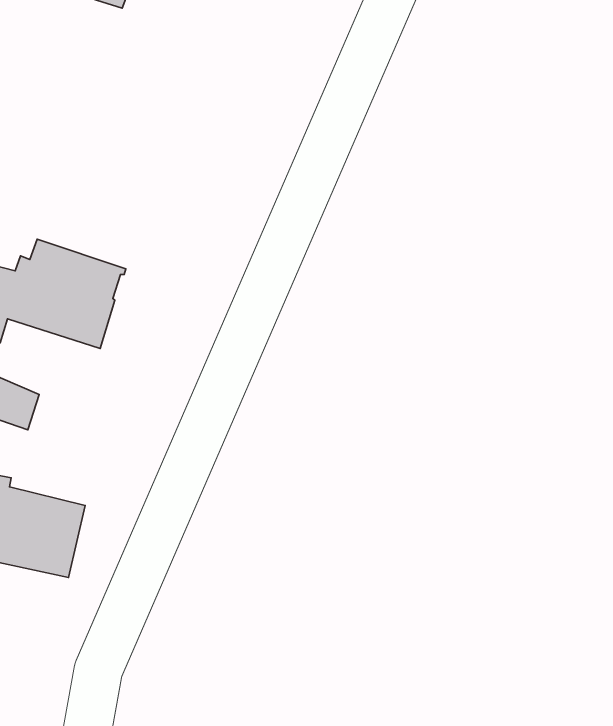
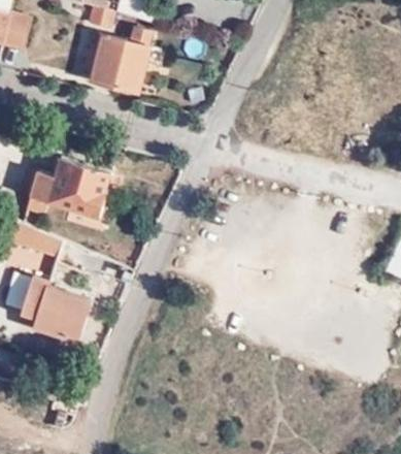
building: none -> [82,29,148,91]

